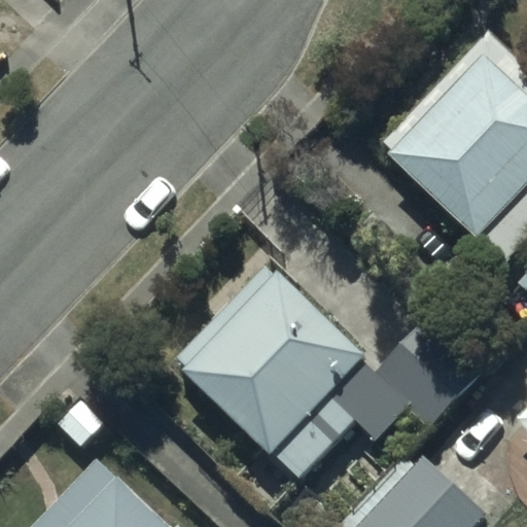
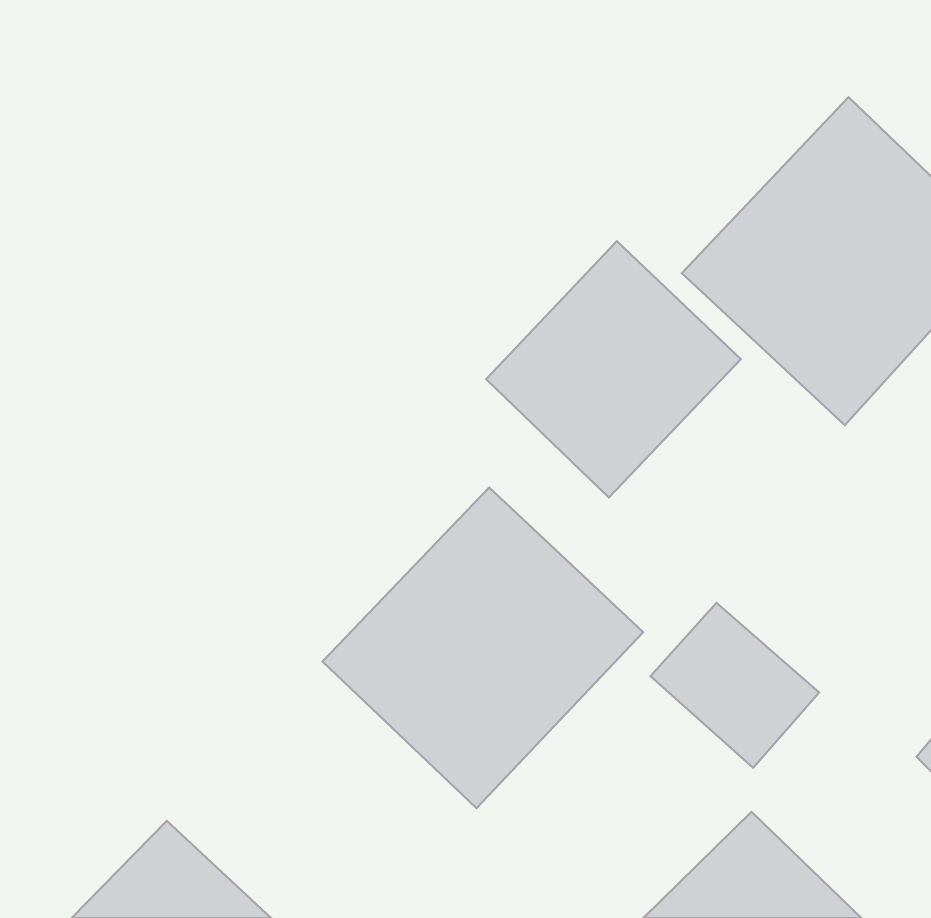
building: none -> [486,241,741,497]

